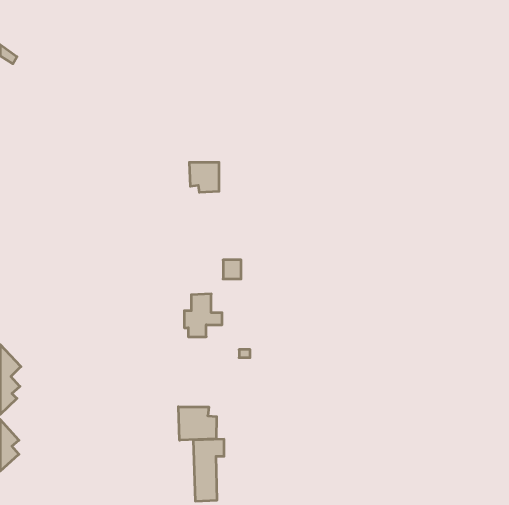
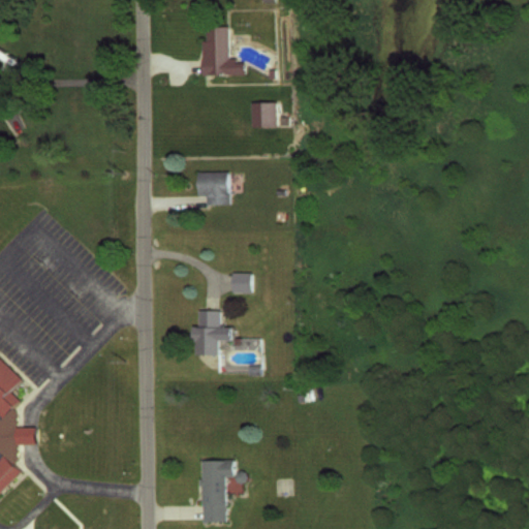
building: none -> [201,28,243,75]
building: none -> [249,103,276,127]
building: [178,407,217,440] -> none

